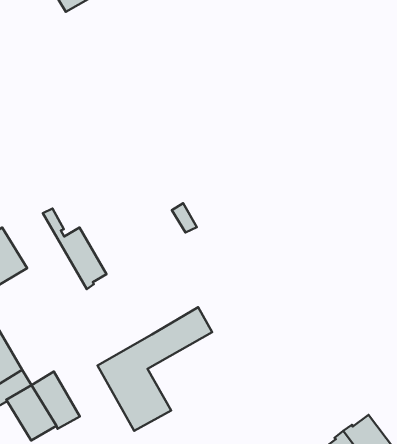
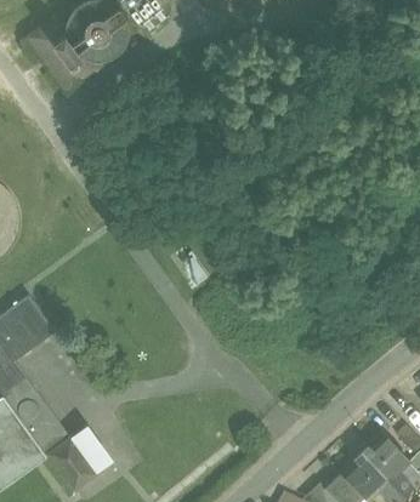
building: [43,209,107,289] -> none
building: [97,307,212,431] -> none

